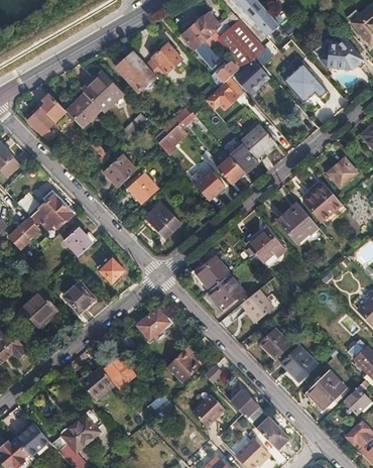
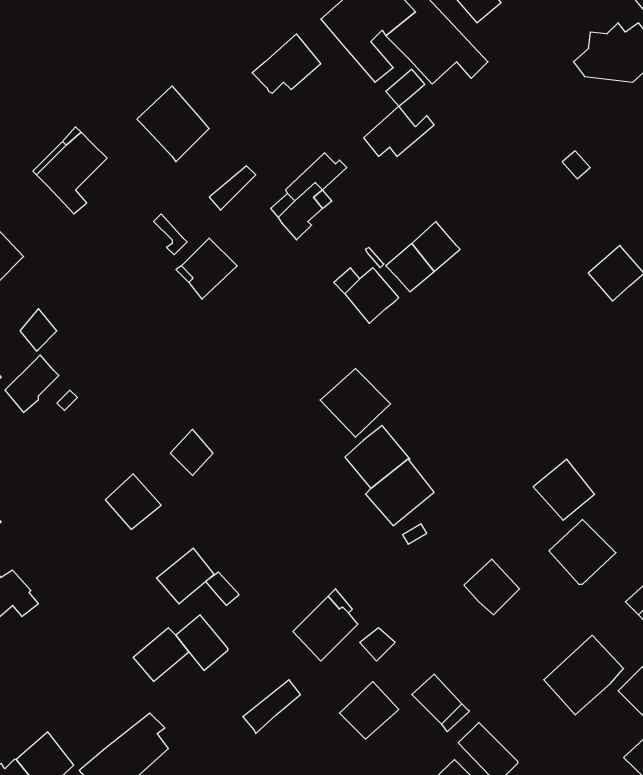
building: [114,49,153,90] -> none
building: [236,62,270,96] -> none
building: [282,62,327,102] -> none
building: [66,92,101,127] -> none
building: [241,124,274,157] -> none
building: [127,171,157,203] -> none
building: [302,183,341,221] -> none
building: [29,190,74,229] -> none
building: [141,203,179,240] -> [320,369,391,437]
building: [276,203,318,242] -> none
building: [64,227,97,255] -> none
building: [246,228,280,261] -> none
building: [240,287,273,321] -> [533,459,595,520]
building: [22,291,56,326] -> none
building: [137,308,168,338] -> [156,548,214,604]
building: [280,345,317,380] -> [549,519,616,584]

